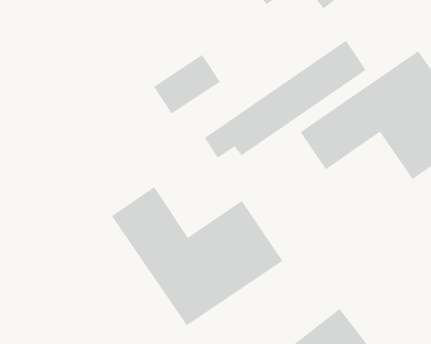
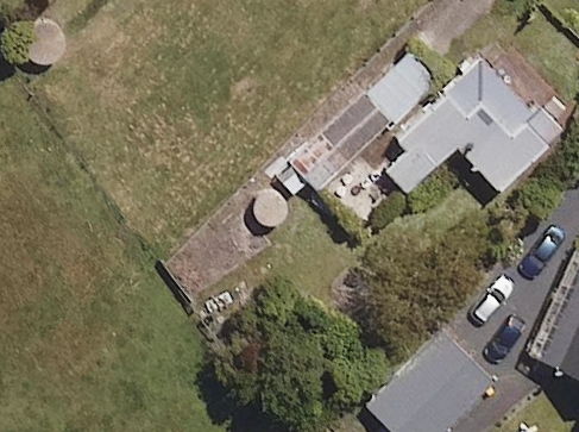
building: [111,186,283,326] -> none

